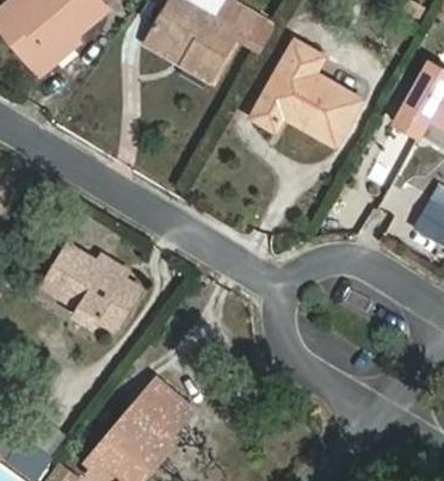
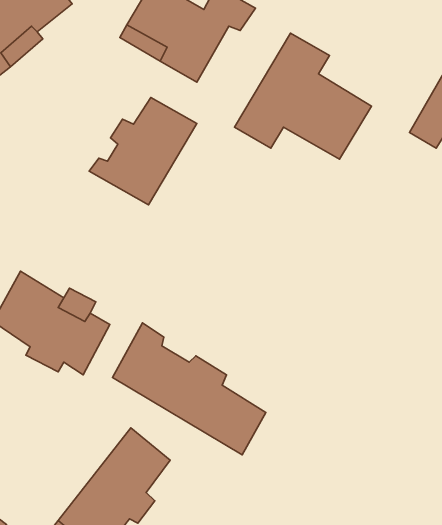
building: none -> [89,97,197,205]
building: none -> [112,323,266,455]

